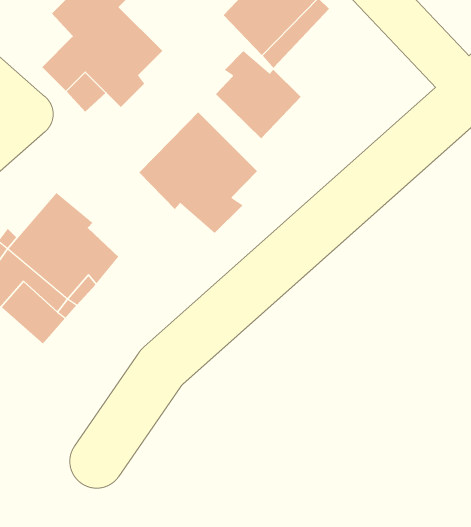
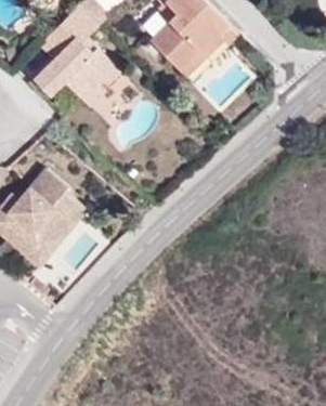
building: [215,50,302,139] -> none
building: [138,112,258,234] -> none

